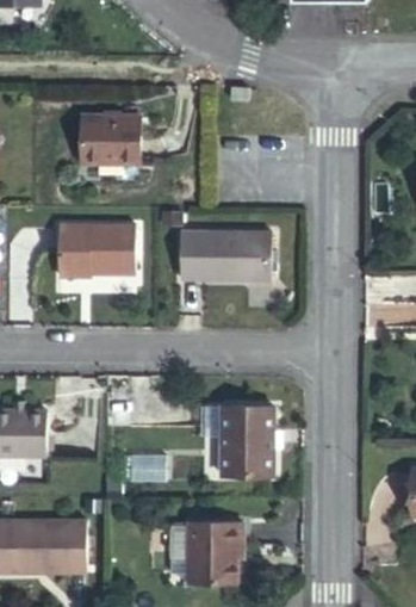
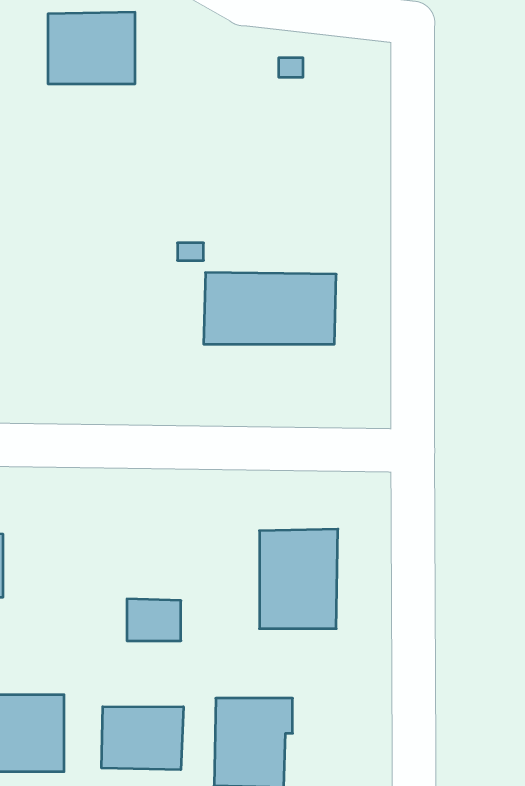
building: [80,114,139,163] -> [48,12,135,84]
building: [56,225,134,277] -> none
building: none -> [102,707,183,770]

